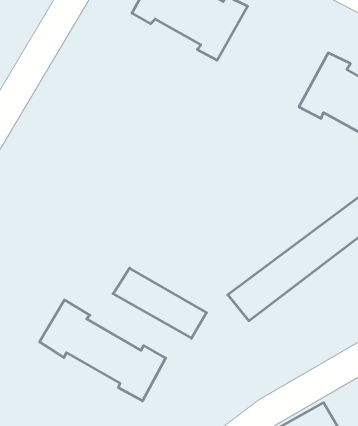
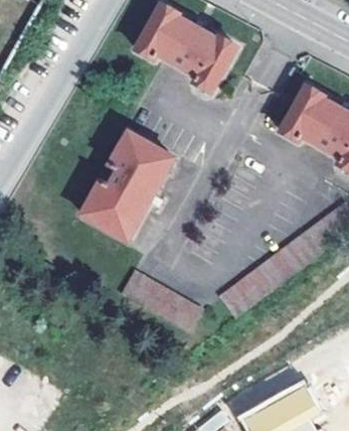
building: none -> [81,131,174,239]
building: [40,300,166,401] -> none

